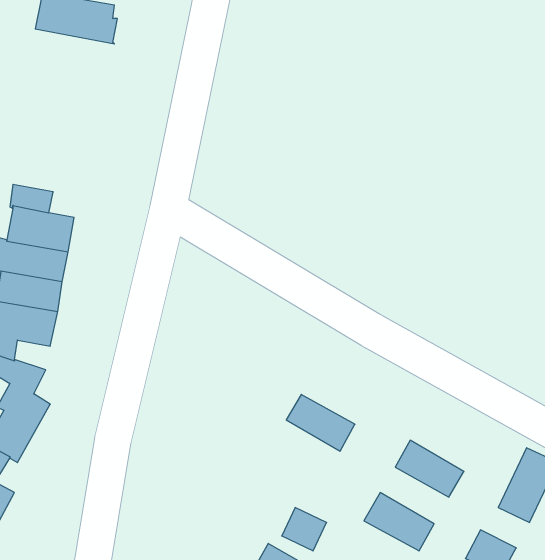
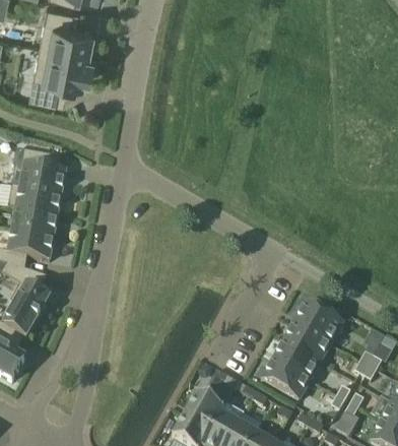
building: none -> [29,43,93,100]
building: [286,394,355,451] -> [274,340,321,379]
building: none -> [294,301,343,343]

